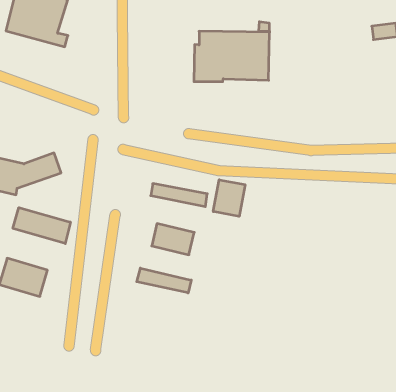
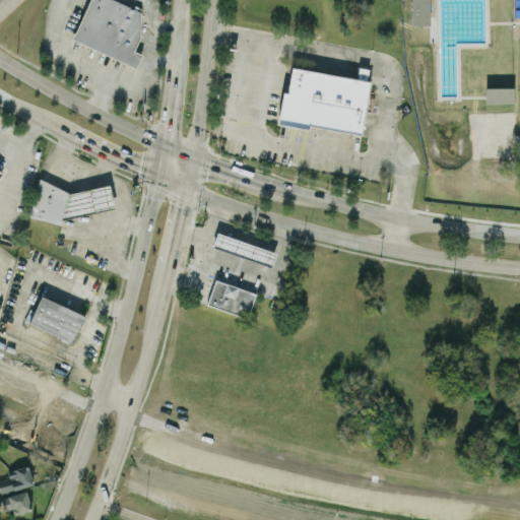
building: [213,180,245,216] -> none
building: [13,208,70,244] -> none
building: [137,268,191,293] -> none

